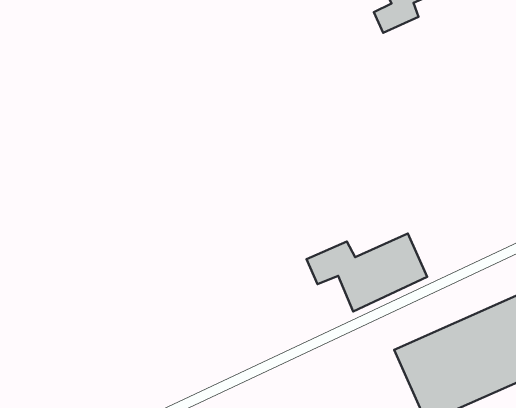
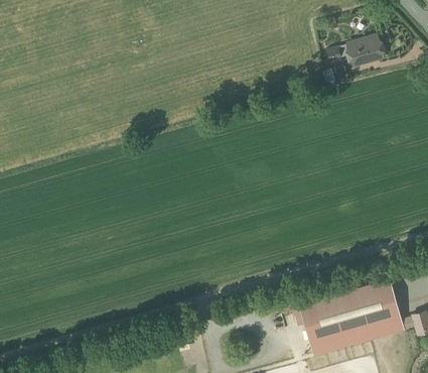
building: [306,234,427,311] -> none

